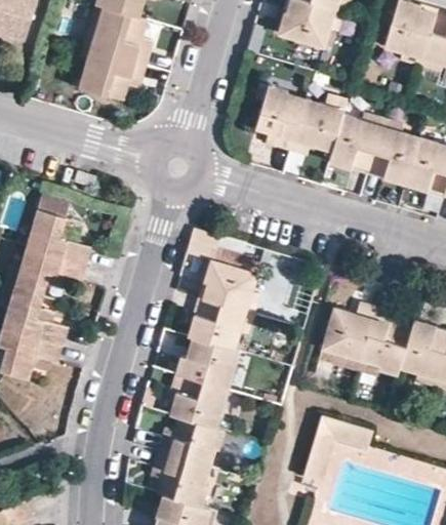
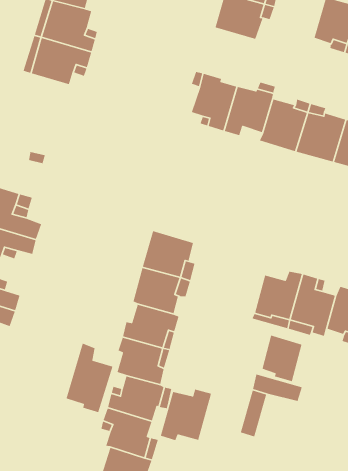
building: none -> [261,335,303,382]
building: none -> [65,342,114,413]
building: none -> [160,389,212,441]

